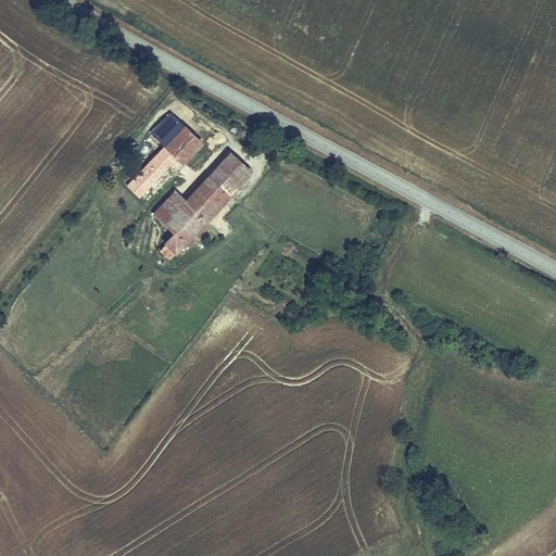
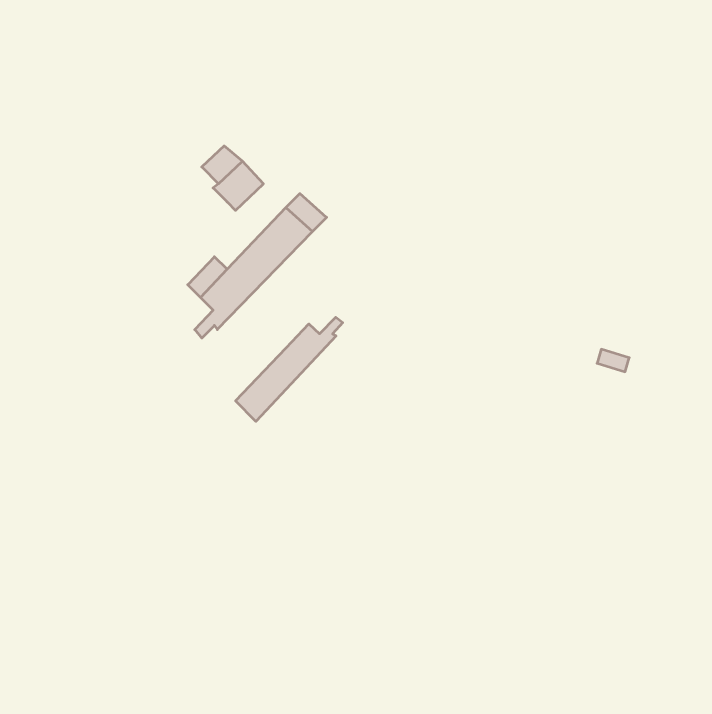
building: [134,148,176,190] -> none
building: none -> [236,317,343,421]

